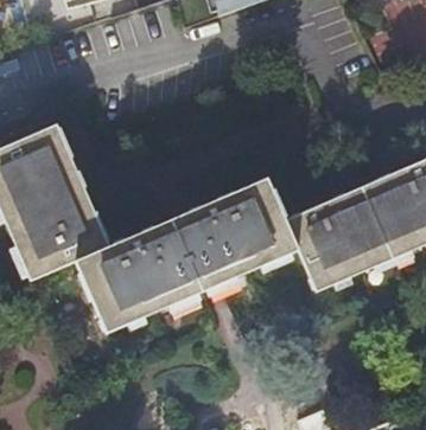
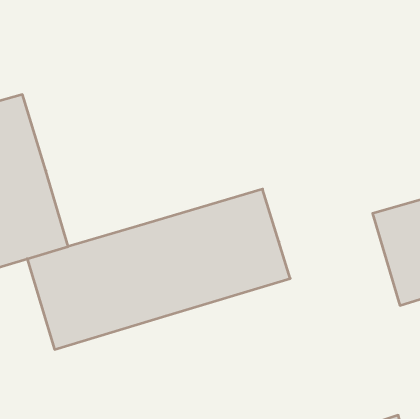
building: [287,186,395,293] -> none

